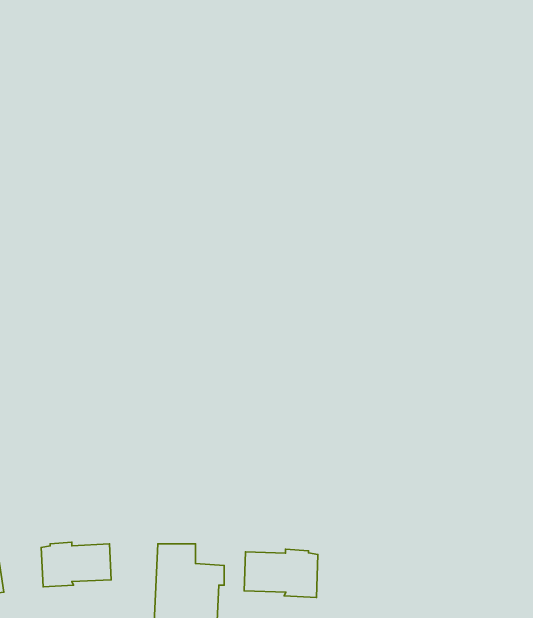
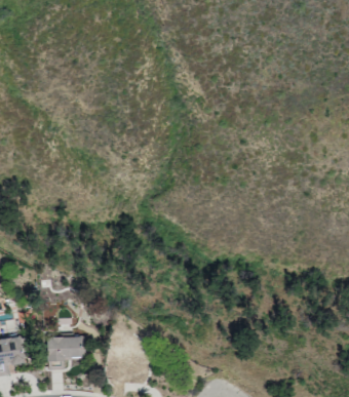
building: [244,549,318,597] -> none

